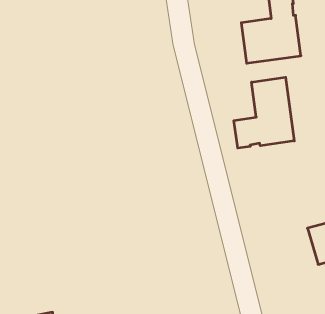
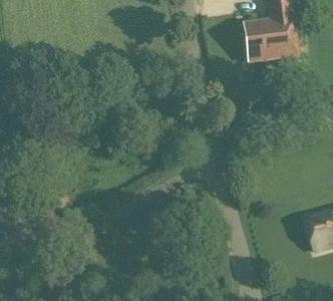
building: [234,77,294,148] -> none

